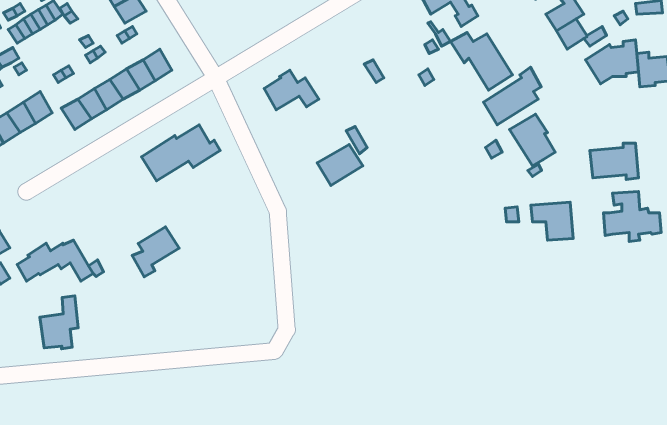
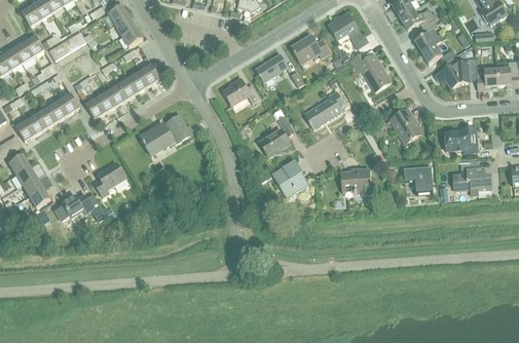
building: none -> [290,35,329,64]
building: none -> [255,53,287,81]
building: [484,67,541,125] -> [303,89,342,128]
building: none -> [271,160,306,196]
building: none -> [340,168,369,194]
building: [132,227,179,277] -> [92,163,124,197]
building: [40,296,78,349] -> none

